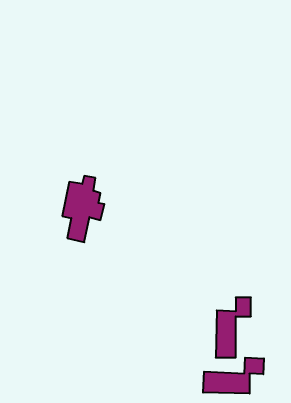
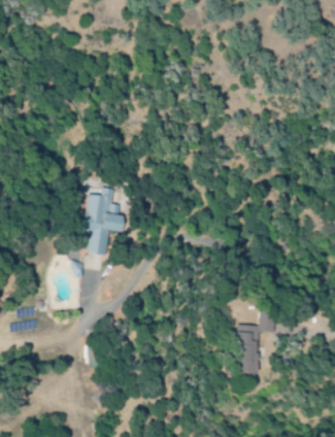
building: [203,358,264,394] -> none

